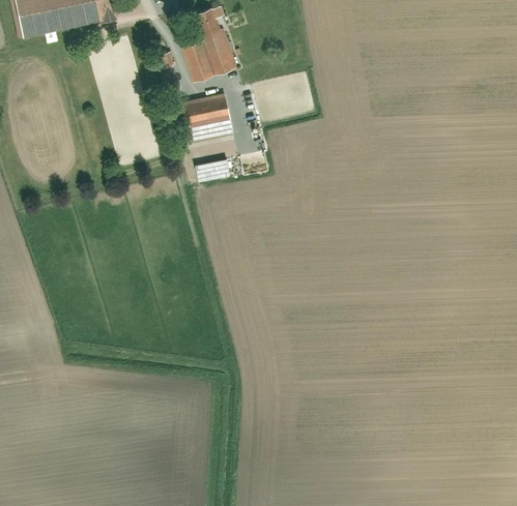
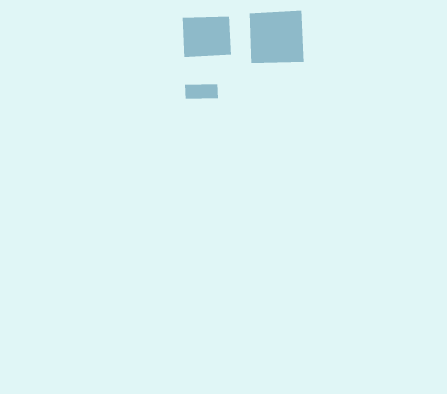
building: none -> [249,10,304,64]

